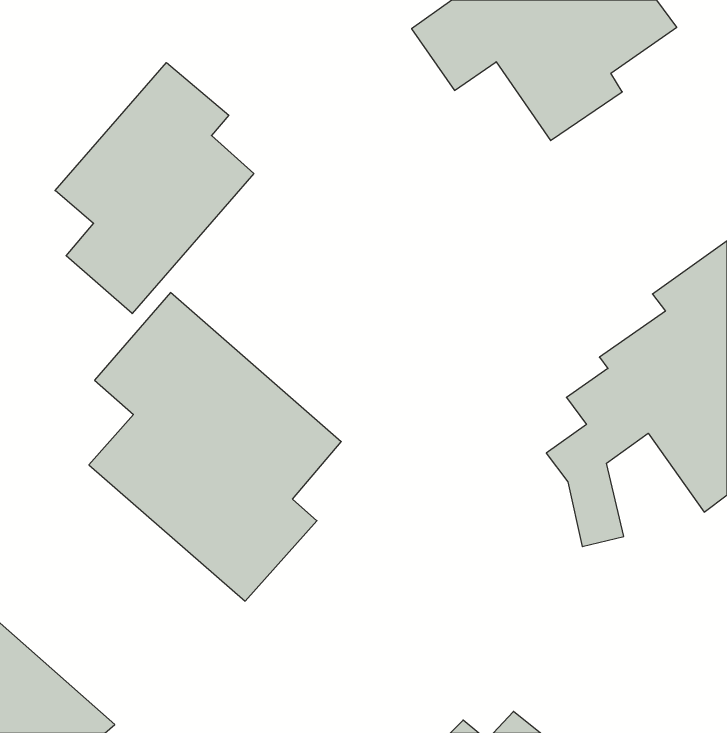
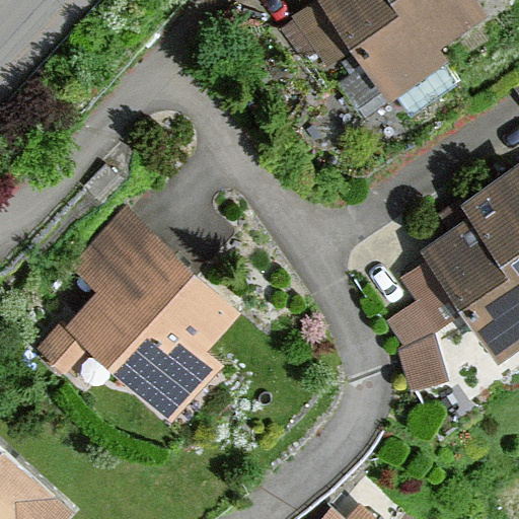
building: [55,63,254,314] -> none

